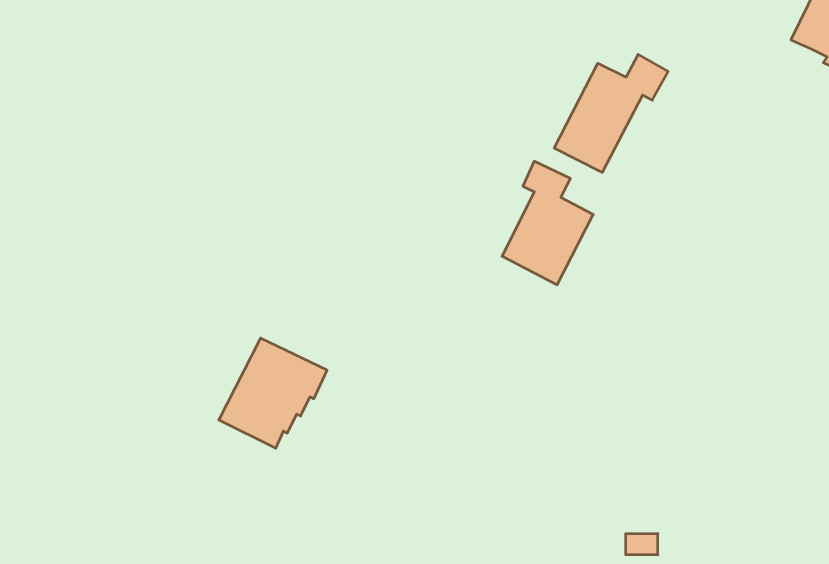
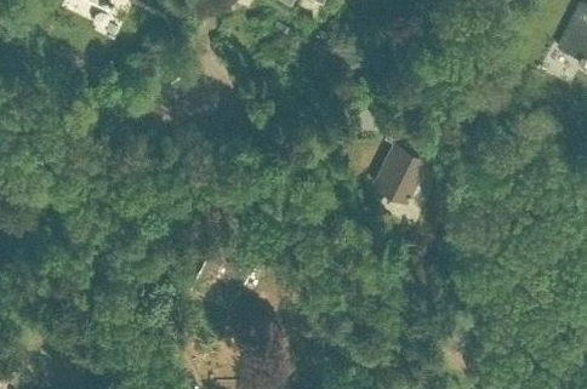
building: [554,54,668,172] -> none

